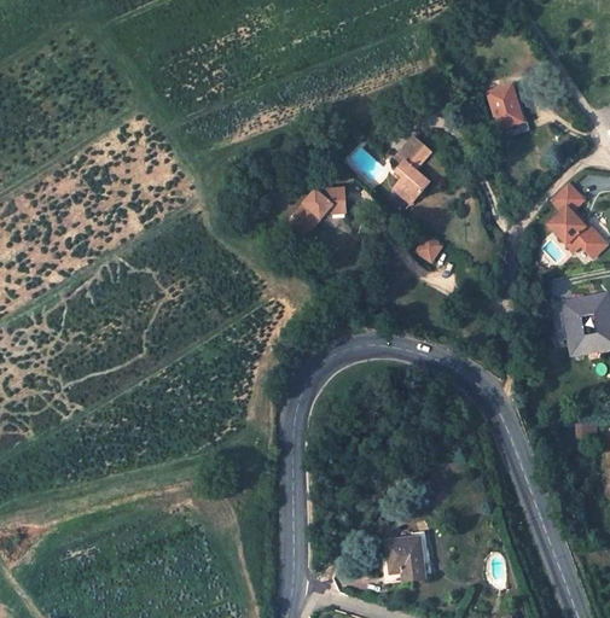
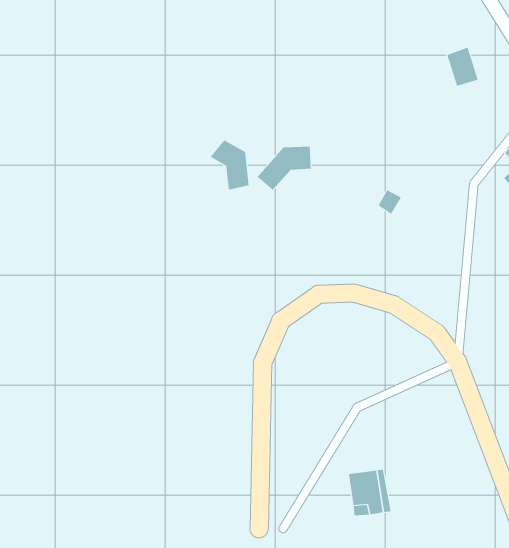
building: [391,134,431,203] -> none
building: none -> [210,139,249,190]

